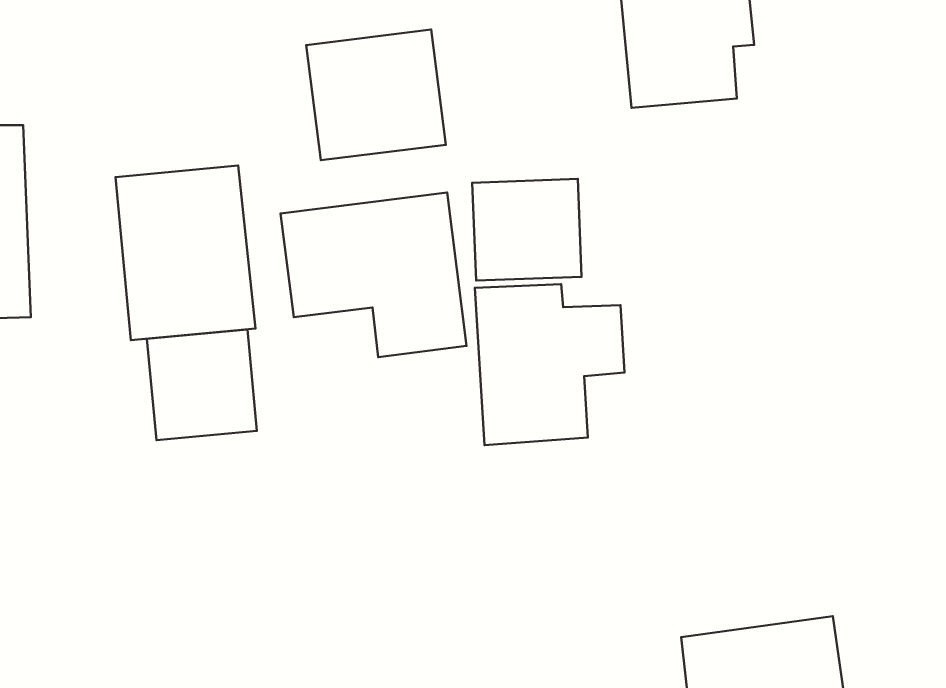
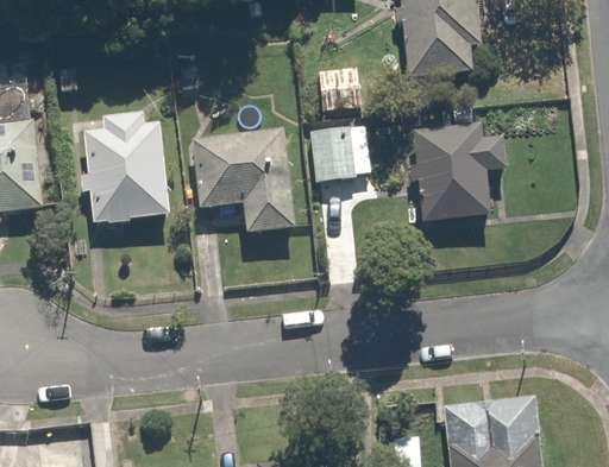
building: [306,30,446,160] -> none
building: [475,284,624,445] -> [419,119,511,219]
building: [147,330,257,440] -> none

